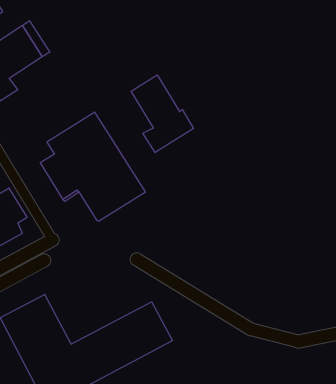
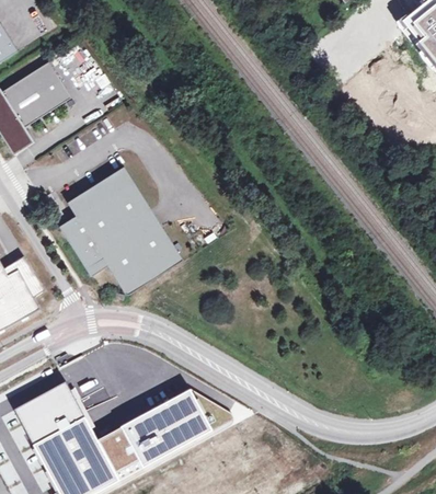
building: [131,75,194,153] -> none

